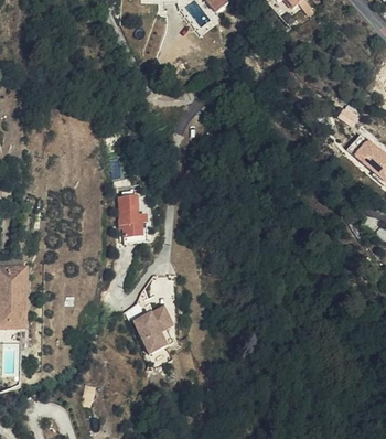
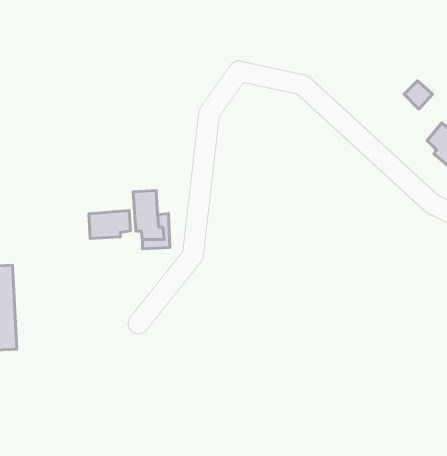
building: none -> [89,211,131,238]
building: [135,306,172,352] -> none

